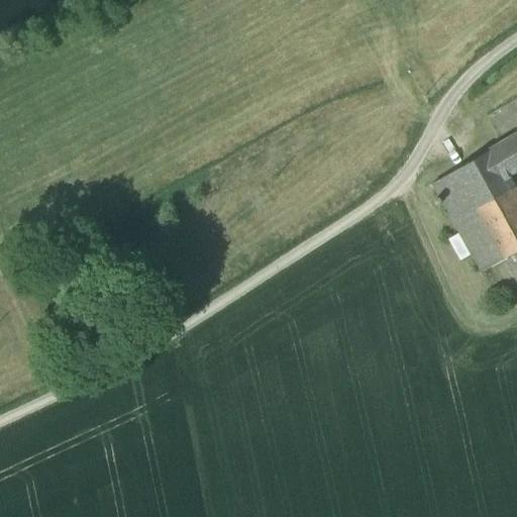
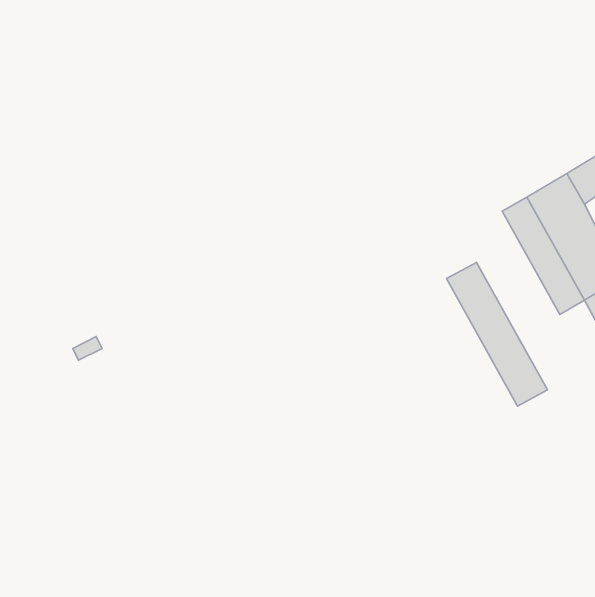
building: none -> [447,262,548,406]

